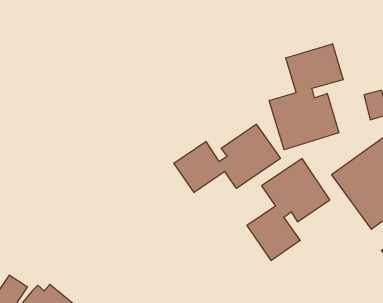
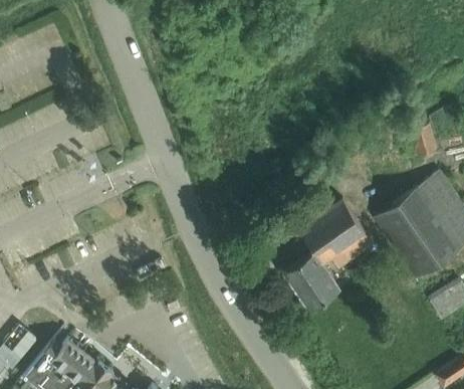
building: [269,44,343,150] -> none
building: [174,124,280,193] -> none

